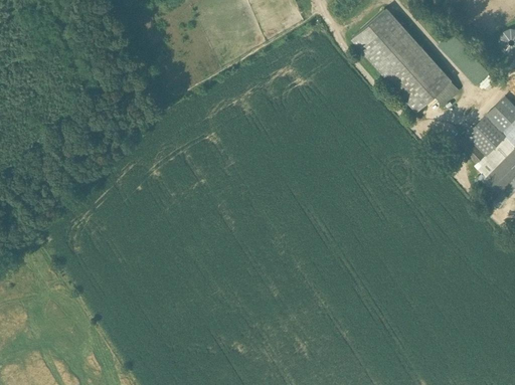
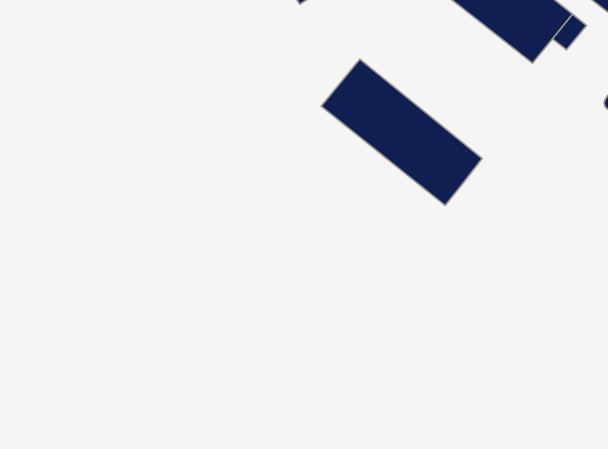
building: none -> [321,59,482,205]

